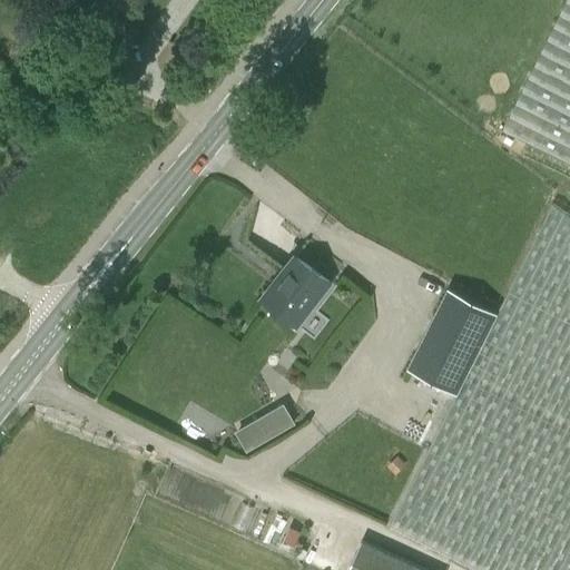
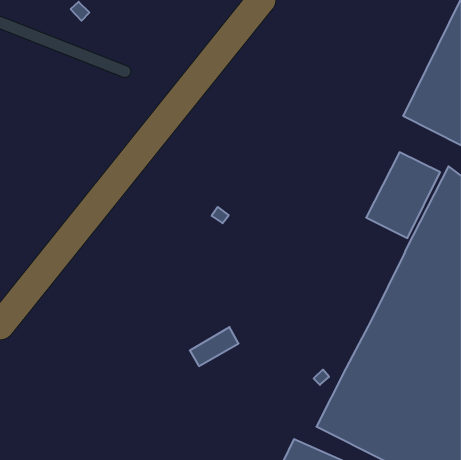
building: [263,258,331,328] -> none
building: [407,291,499,396] -> [366,152,440,238]

